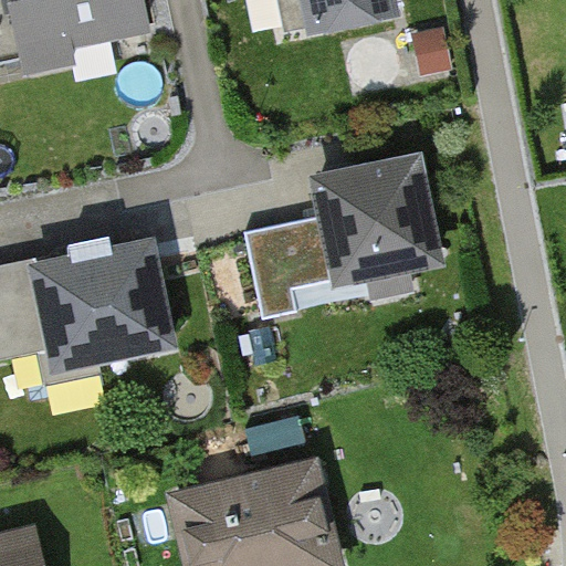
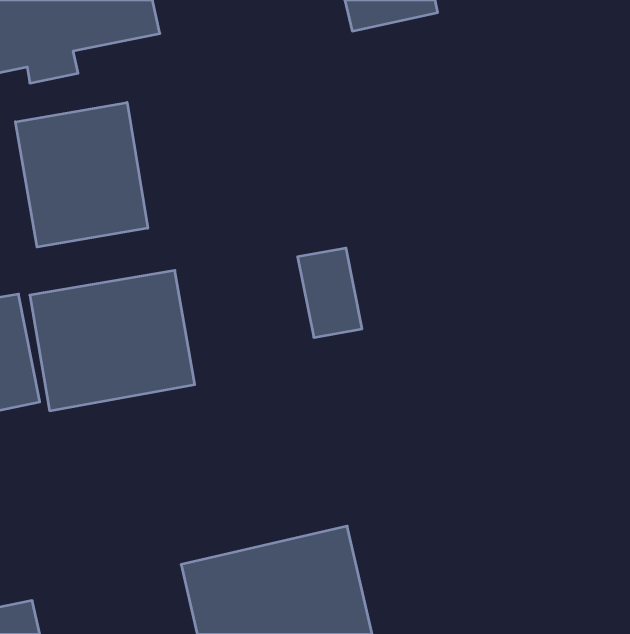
building: none -> [15,102,148,247]
building: [308,166,447,292] -> none

